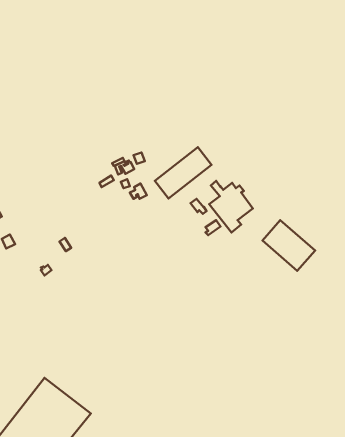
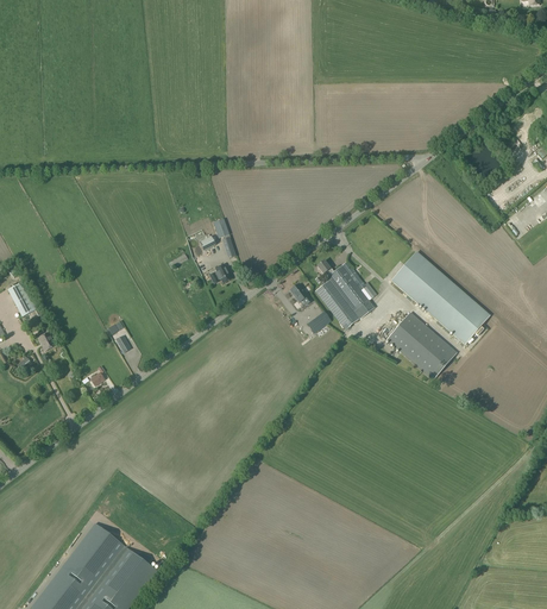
building: [155,147,211,198] -> none
building: none -> [391,251,491,345]

